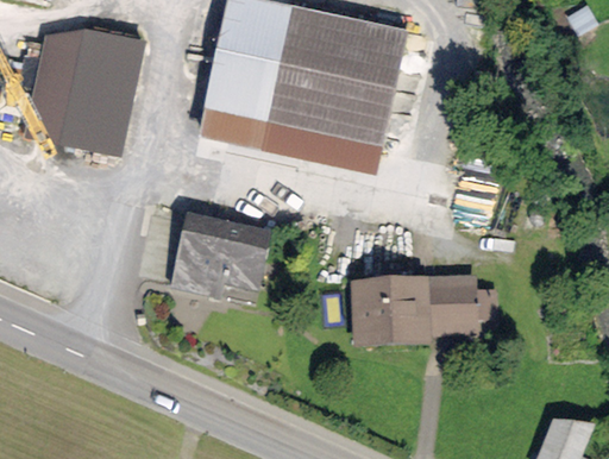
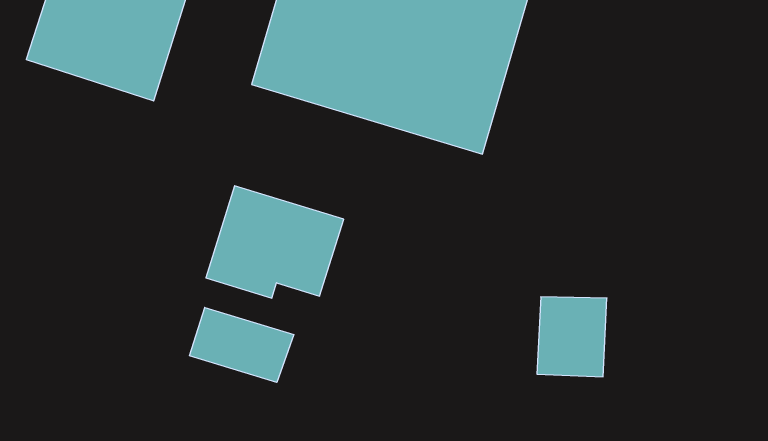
building: [351,276,432,345] -> none
building: none -> [189,307,294,382]

